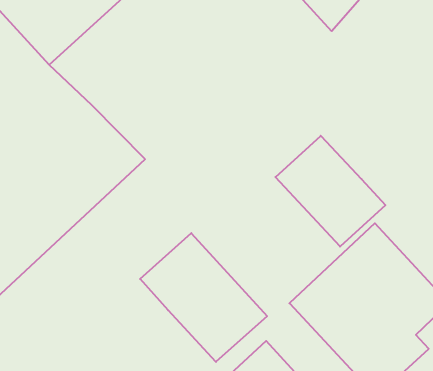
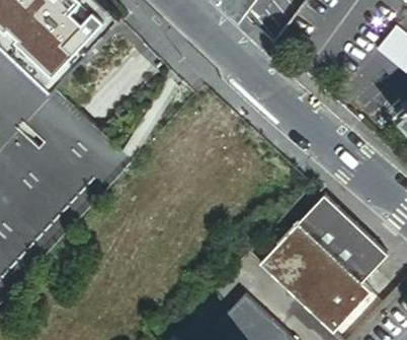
building: [275,136,385,247] -> none
building: [140,233,267,362] -> none

